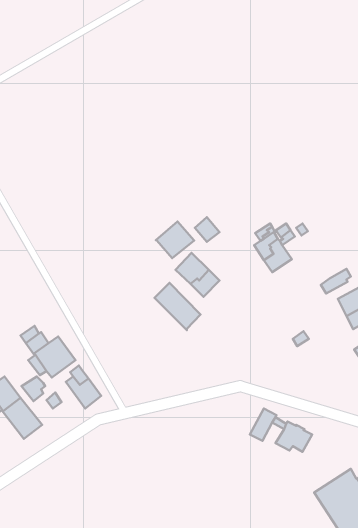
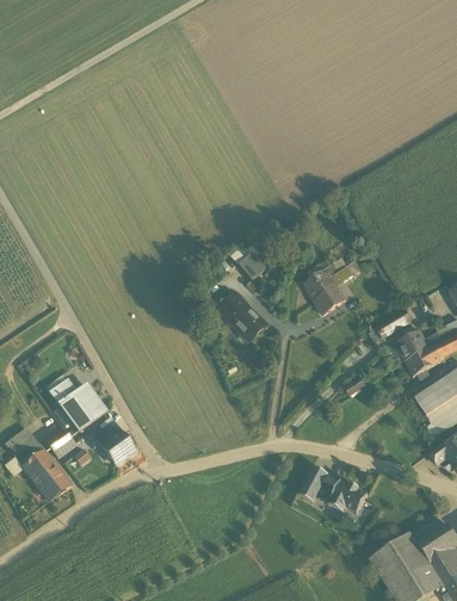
building: [156,221,194,258] -> none
building: [154,283,201,330] -> none

